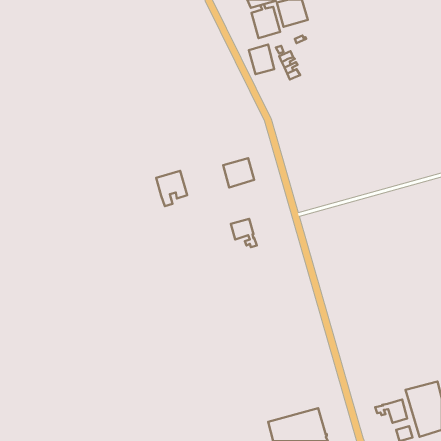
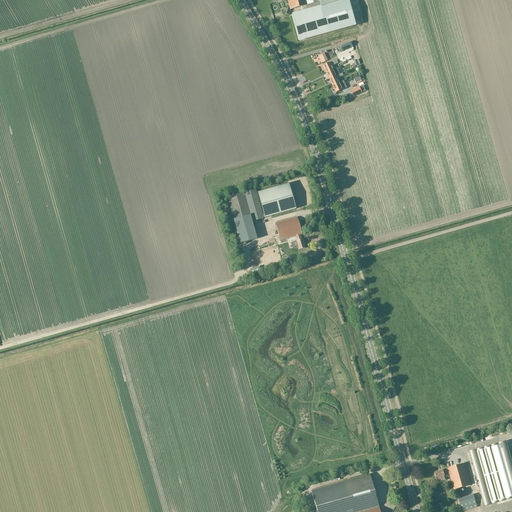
building: [249,45,274,74] -> none
building: [156,171,187,206] -> [228,189,264,230]
building: [231,219,257,247] -> [276,216,306,249]

